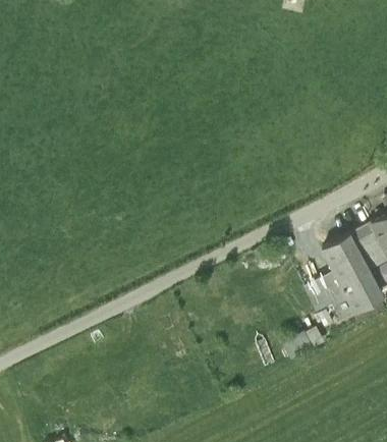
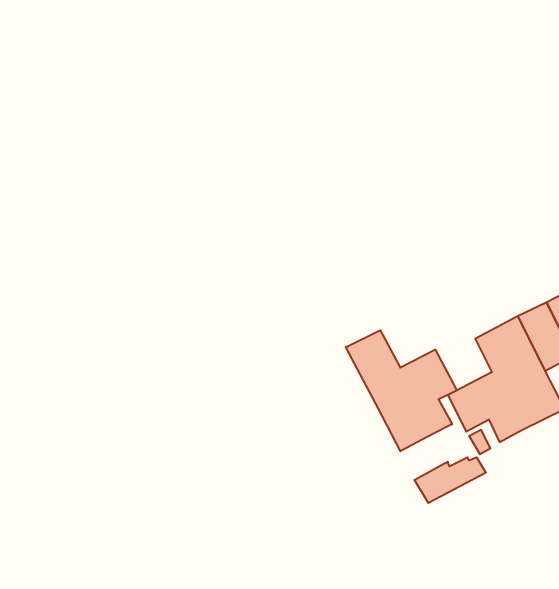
building: none -> [346,330,457,451]

